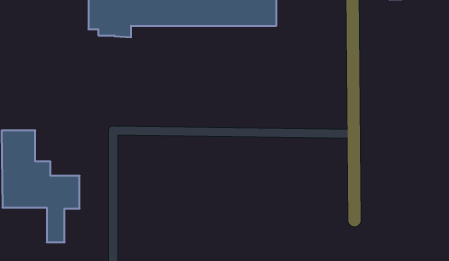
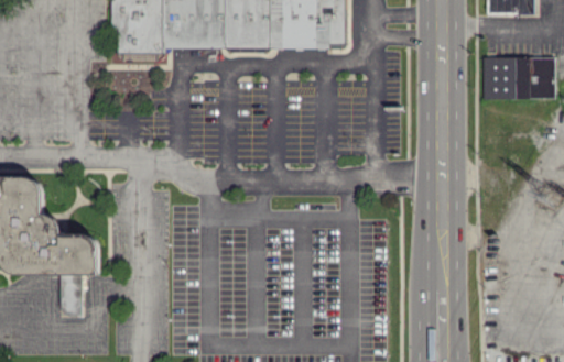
building: none -> [484,57,552,100]

